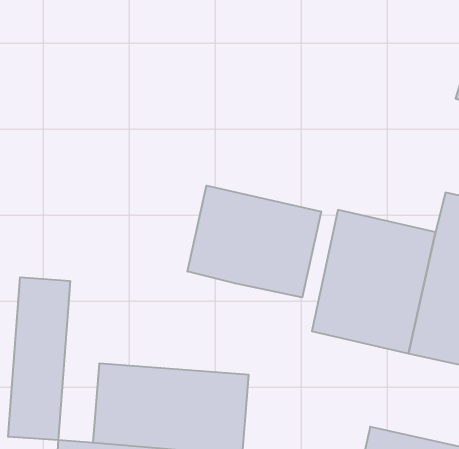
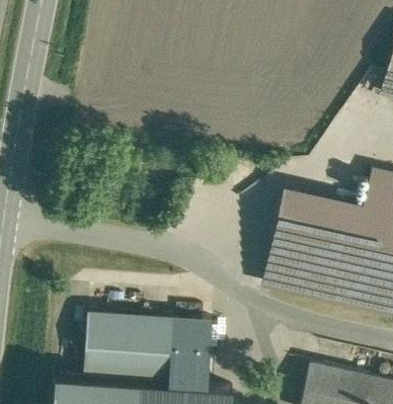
building: [187,186,321,297] -> none
building: [8,277,70,440] -> none

